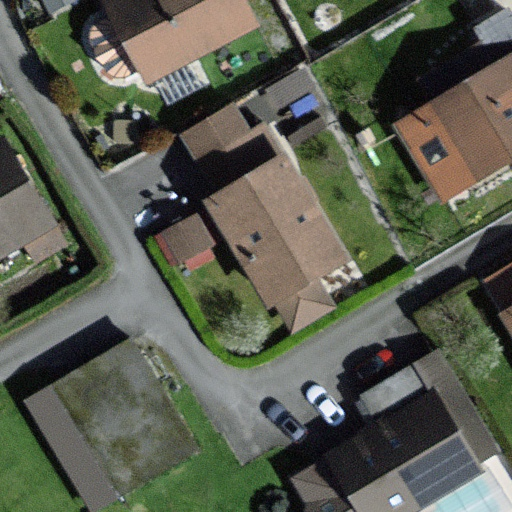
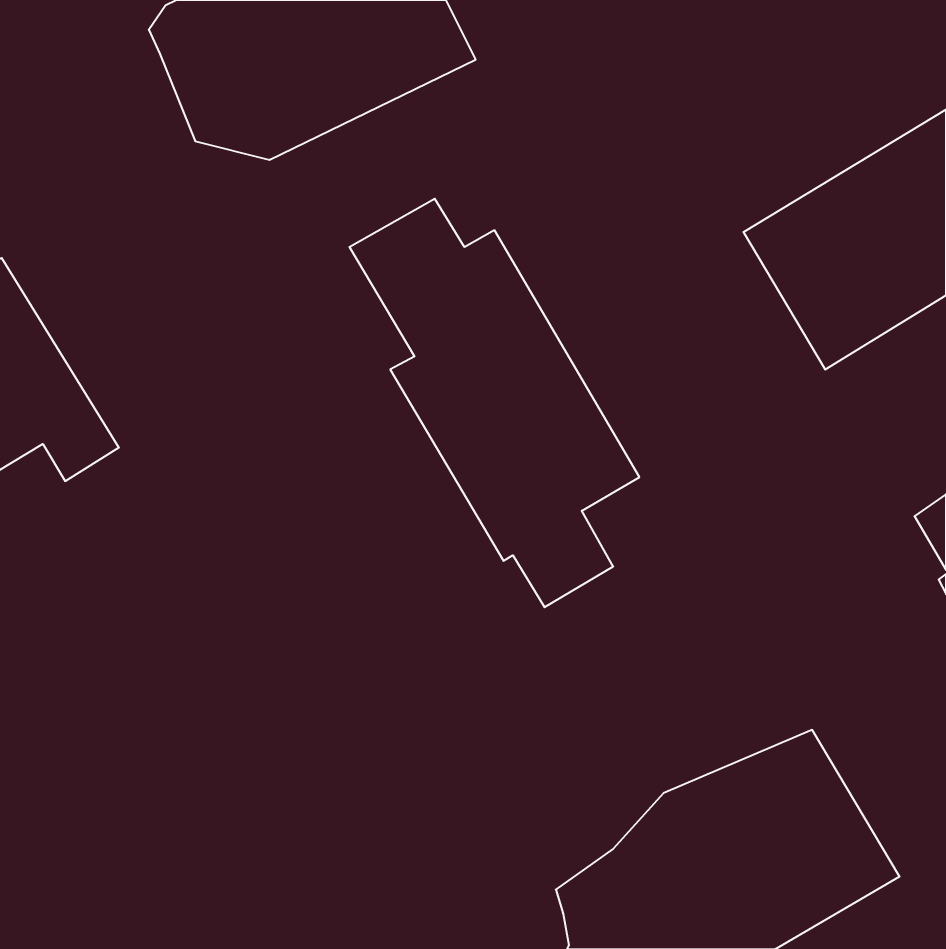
building: [31,341,194,507] -> none

